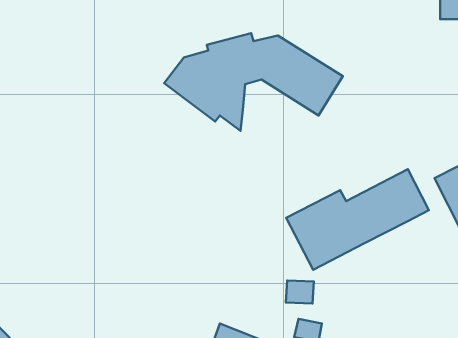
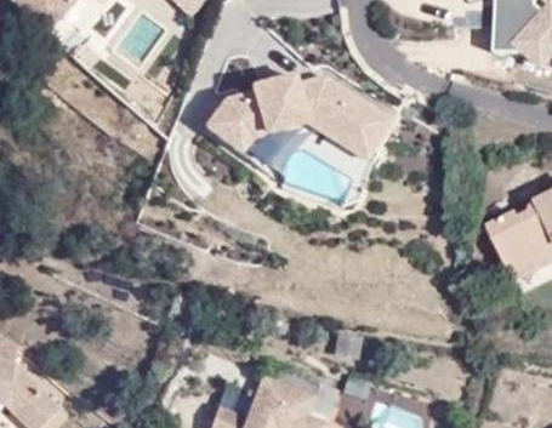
building: [286,169,429,270] -> none

